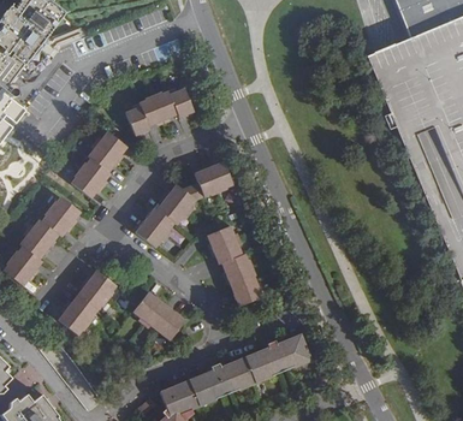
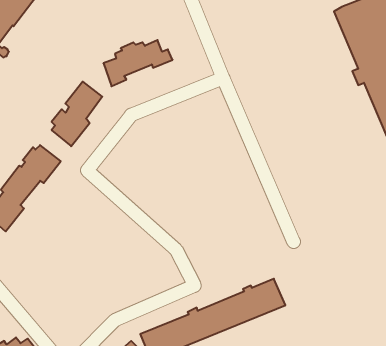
building: [132,159,231,245] -> none
building: [206,224,263,302] -> none
building: [58,269,115,333] -> none
building: [135,289,185,336] -> none

